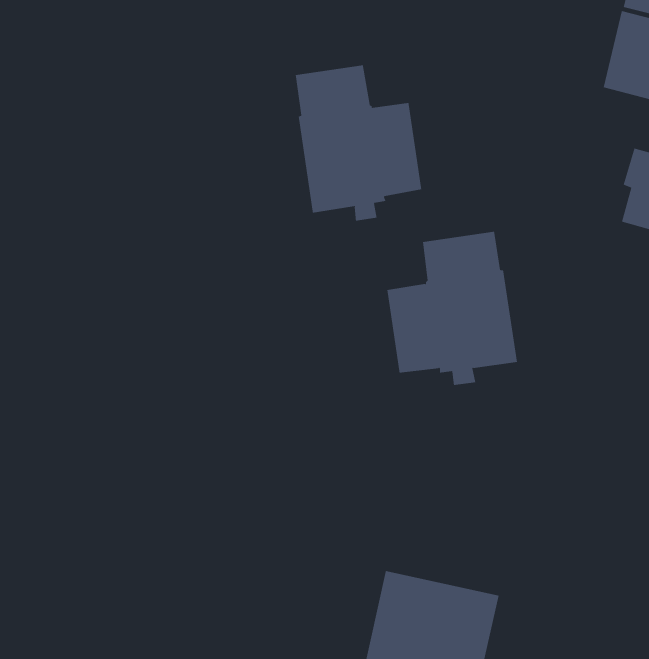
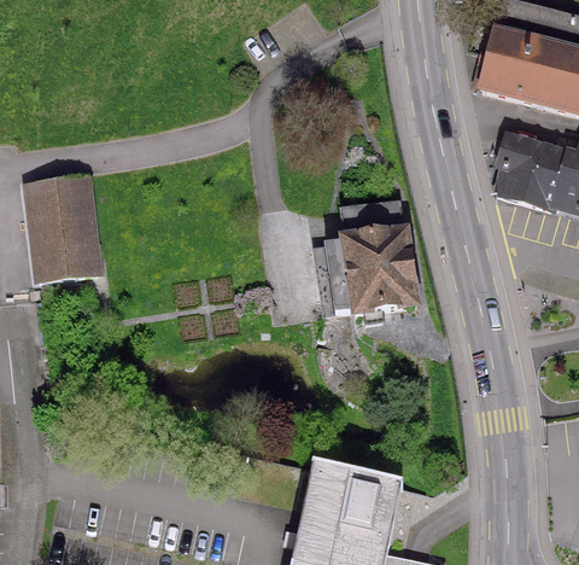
building: [295,64,422,222] -> none
building: none -> [28,176,98,280]

